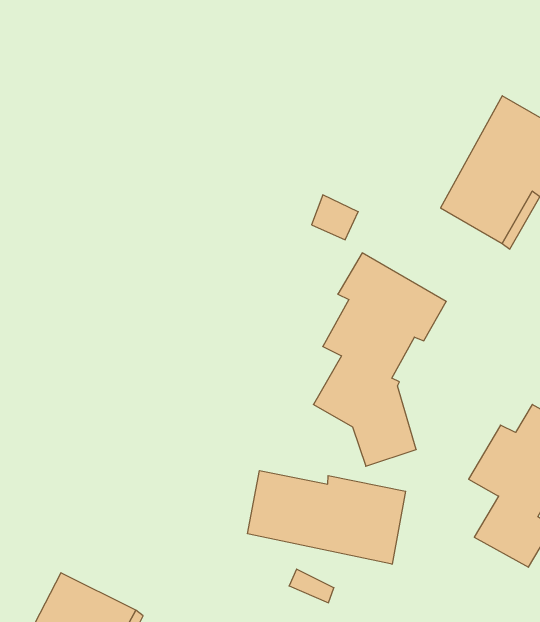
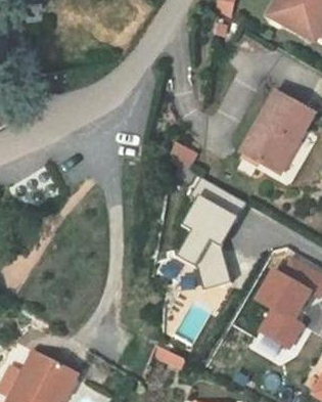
building: [248,471,406,564] -> none

